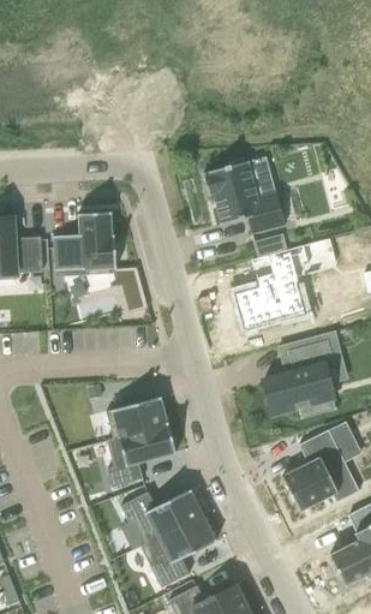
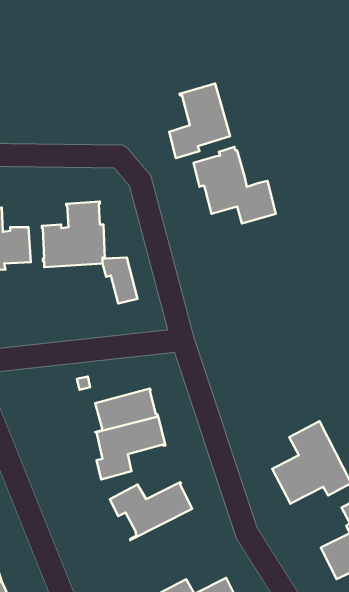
building: none -> [169,83,230,158]
building: [235,237,339,330] -> none
building: [264,340,337,418] -> none
building: [142,515,217,586] -> none

